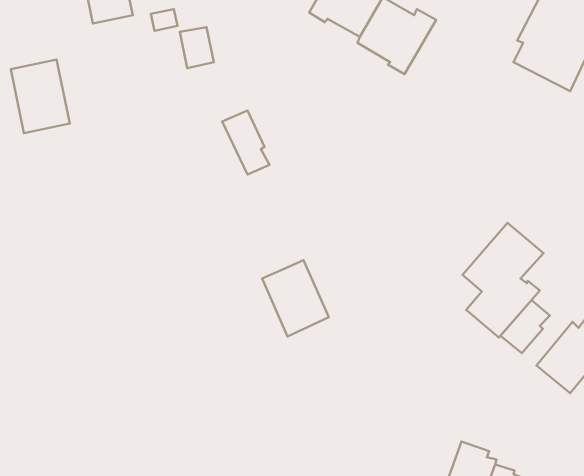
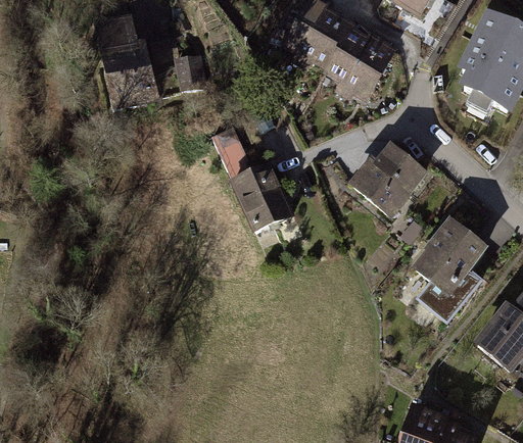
building: [11,60,70,133] -> [102,46,152,108]
building: none -> [353,148,422,213]
building: [262,260,329,336] -> [233,166,289,231]
building: [500,300,550,353] -> none

